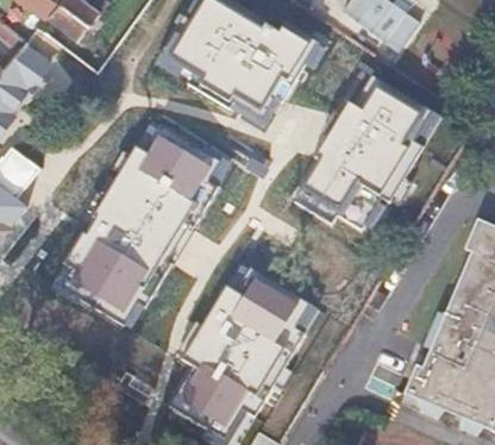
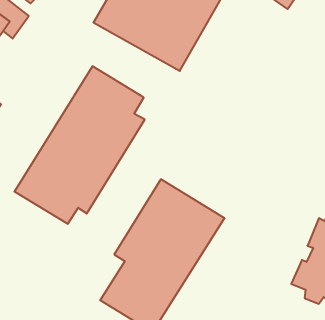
building: [292,75,439,232] -> none

